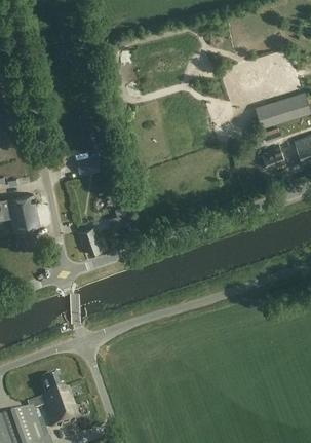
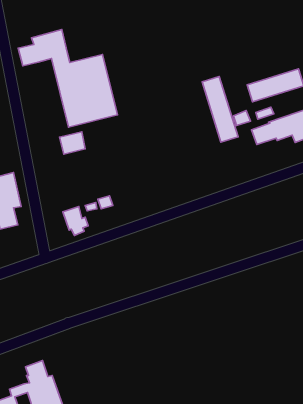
building: none -> [18,30,117,127]
building: none -> [202,76,238,142]

